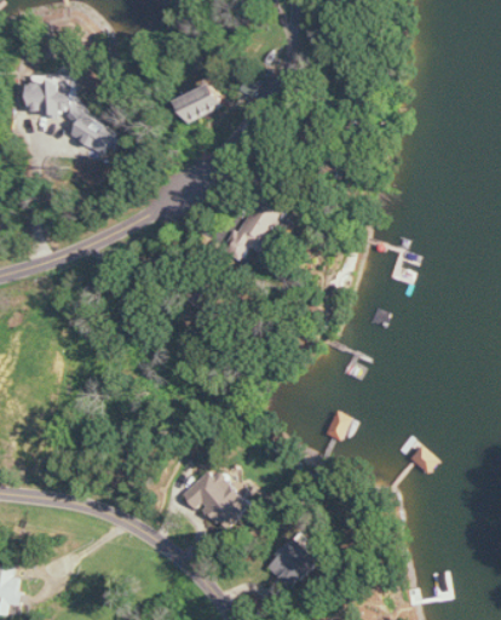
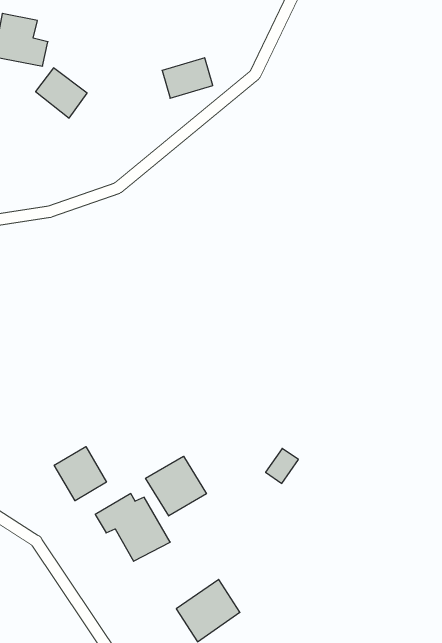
building: [225,195,283,259] -> none
building: none -> [146,456,206,516]
building: none -> [54,447,106,501]

